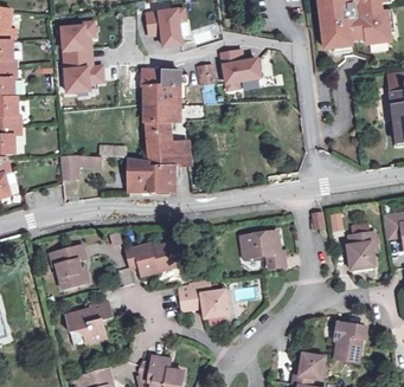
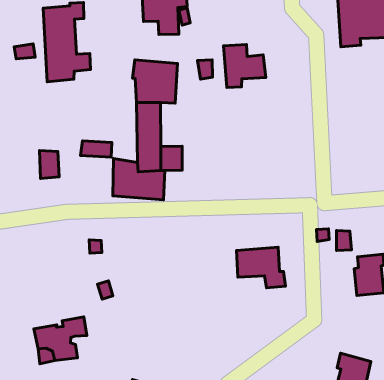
building: [126,241,180,275] -> none
building: [49,244,85,288] -> none
building: [179,279,229,316] -> none

